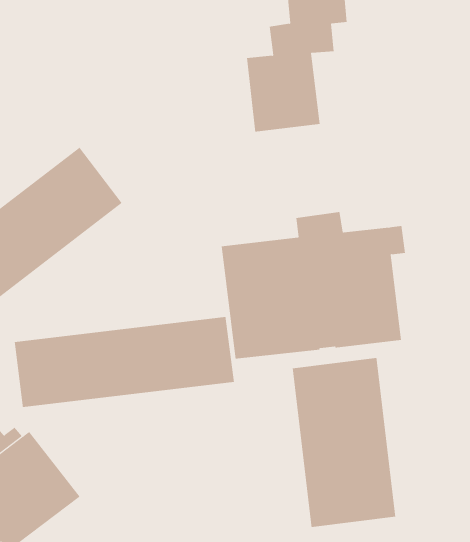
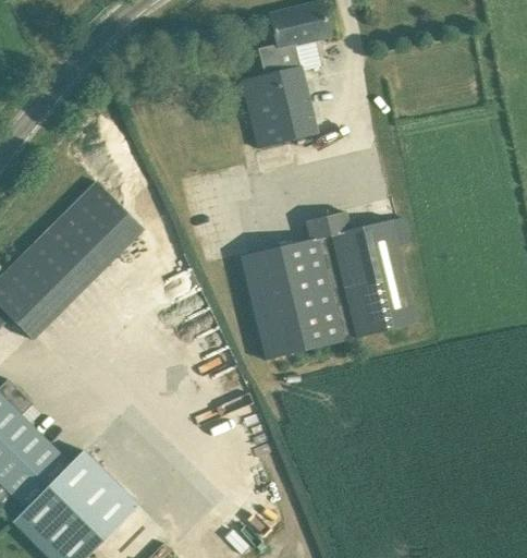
building: [14,316,234,408] -> none
building: [292,357,396,528] -> none

